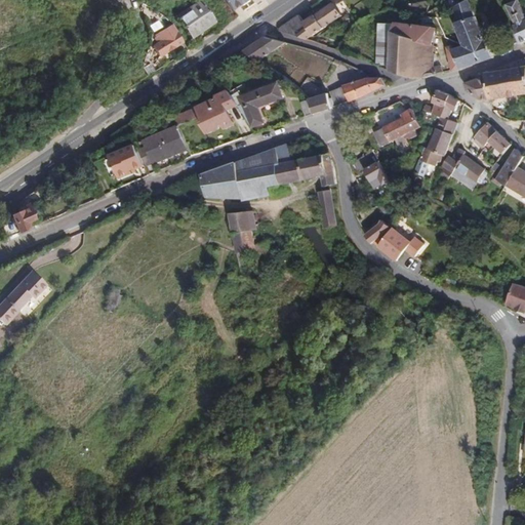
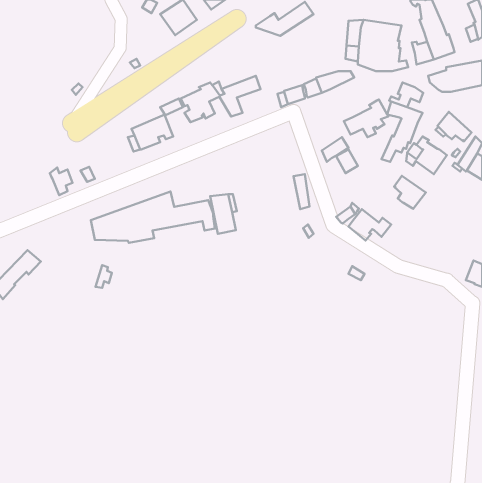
building: [150,24,179,56] -> none
building: [241,36,284,60] -> none
building: [200,144,334,199] -> [91,192,215,243]
building: [108,145,143,177] -> none
building: none -> [394,176,426,209]
building: [7,202,32,232] -> [50,168,72,195]

